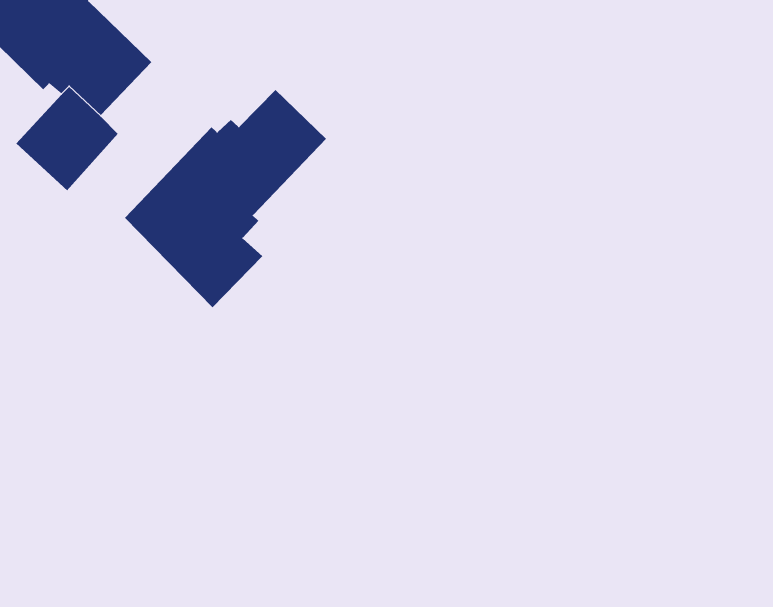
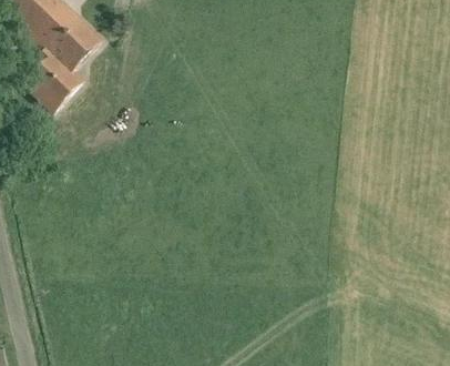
building: [124,89,327,308] -> none

